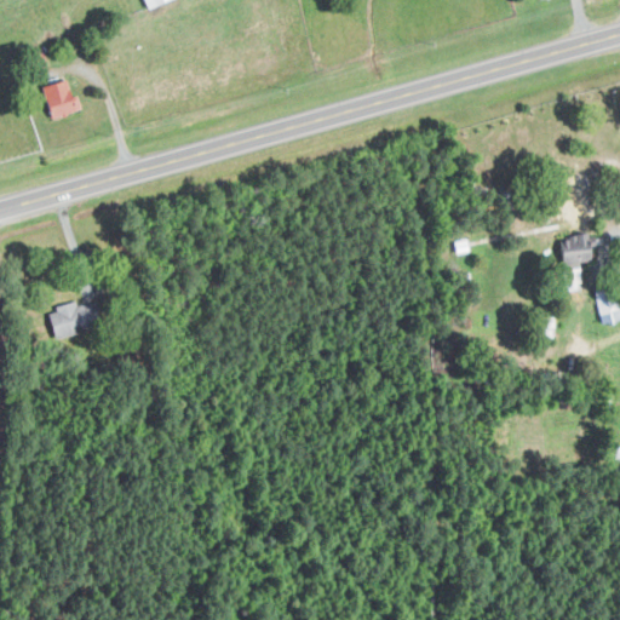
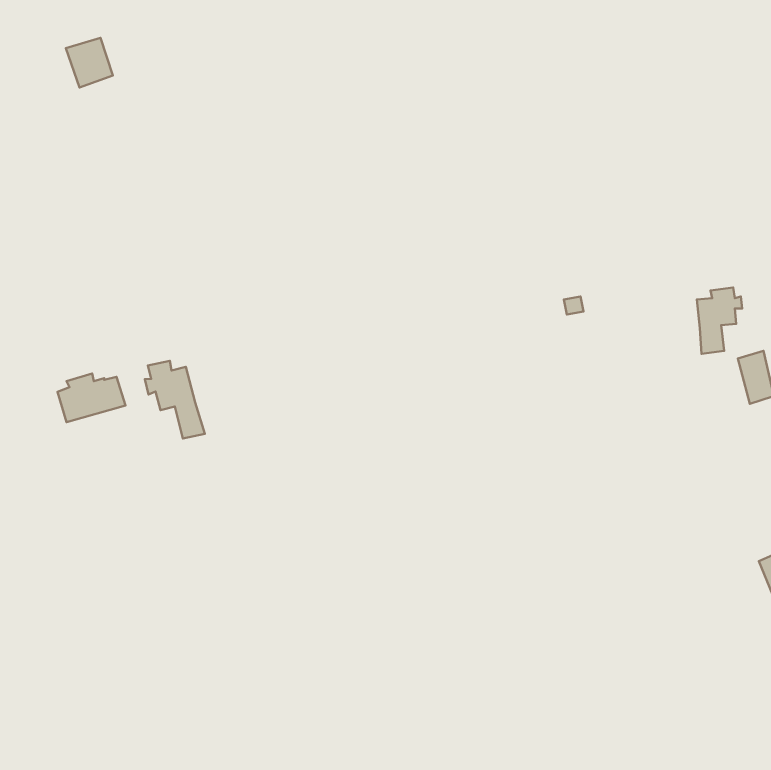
building: [45,80,82,120] -> [66,38,113,88]
building: none -> [145,361,205,438]

